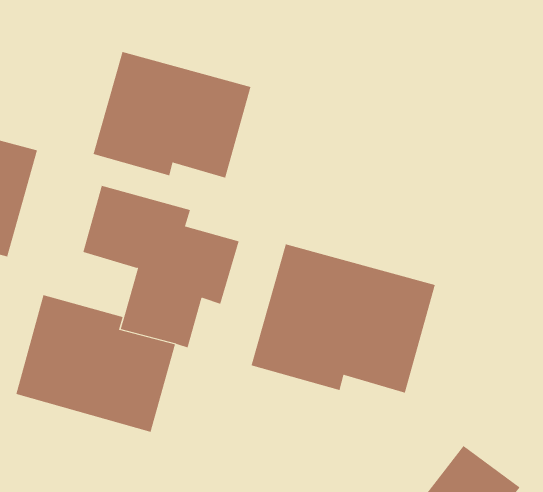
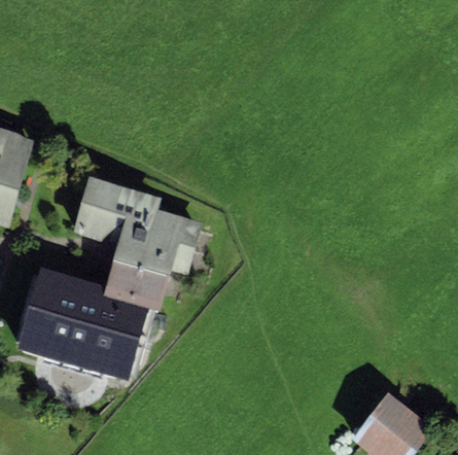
building: [93,51,251,179] -> none
building: [251,243,435,393] -> none

